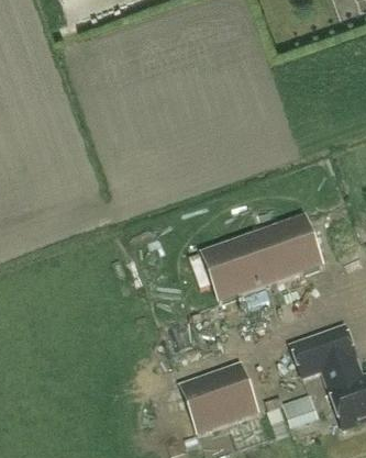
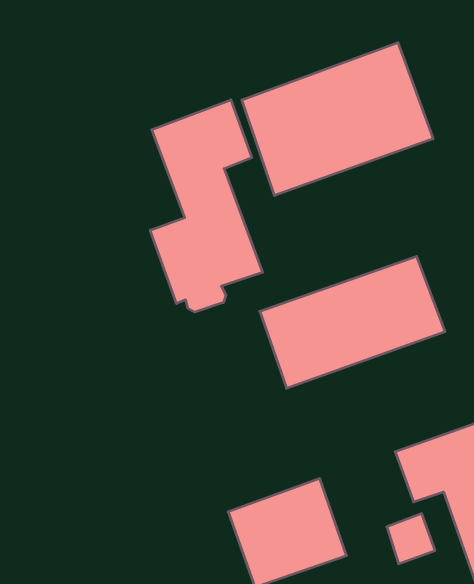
building: none -> [242,43,433,196]
building: none -> [150,100,263,312]

